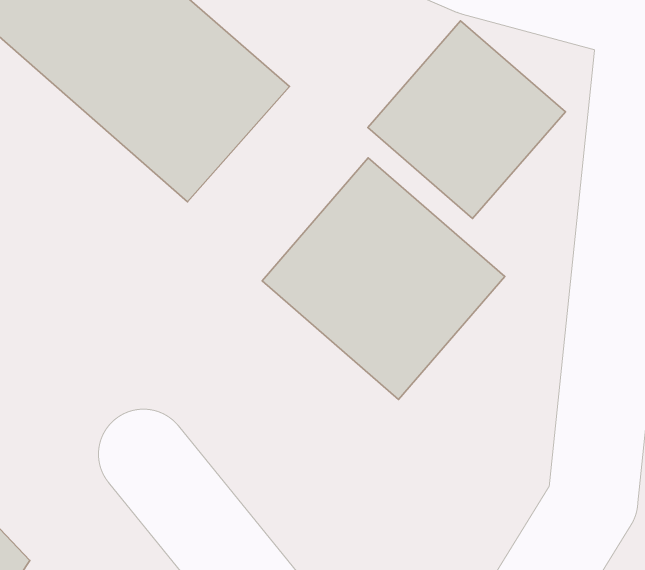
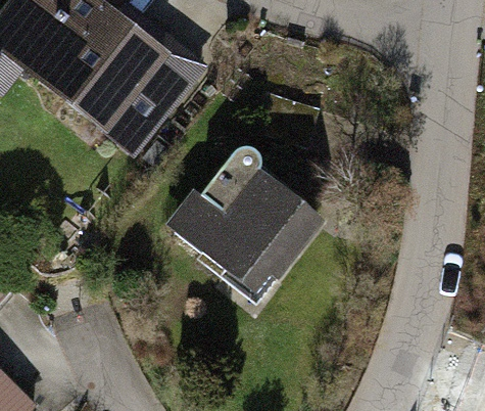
building: [368,21,565,219] -> none

